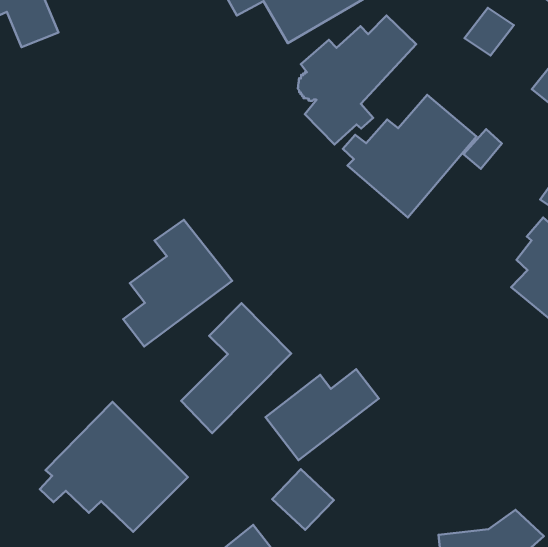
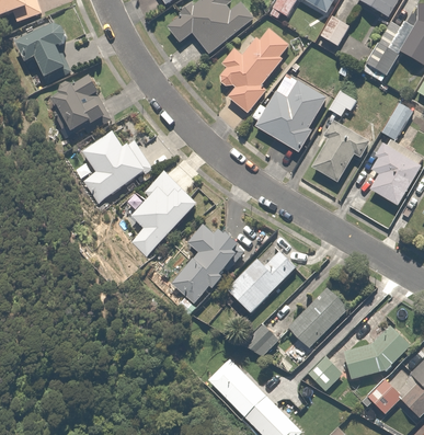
building: none -> [50,78,108,134]
building: none -> [82,133,152,202]
building: none -> [311,121,369,183]
building: [40,402,188,532] -> none
building: none -> [285,284,349,348]

